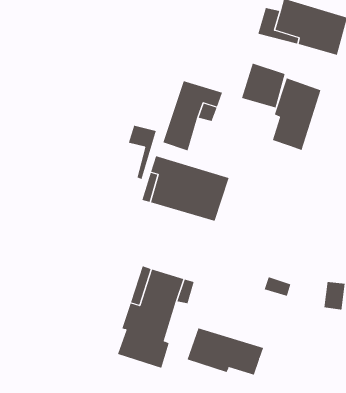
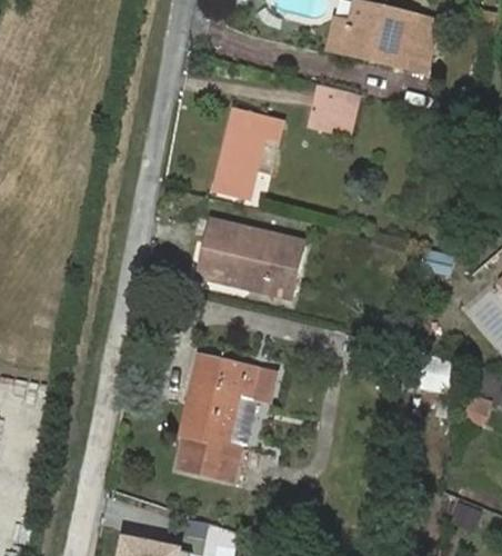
building: [272,78,321,151] -> none
building: [128,125,157,180] -> none
building: [187,328,264,375] -> none

